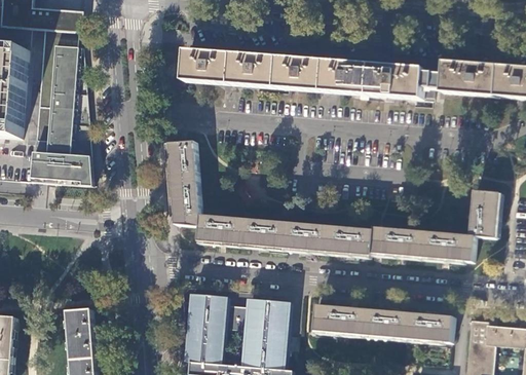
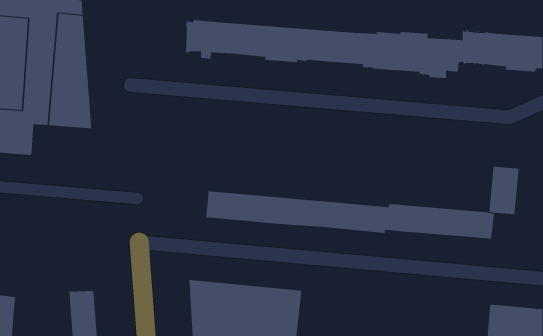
building: [168,140,199,225] -> none
building: [31,150,90,185] -> none
building: [313,303,453,341] -> none

